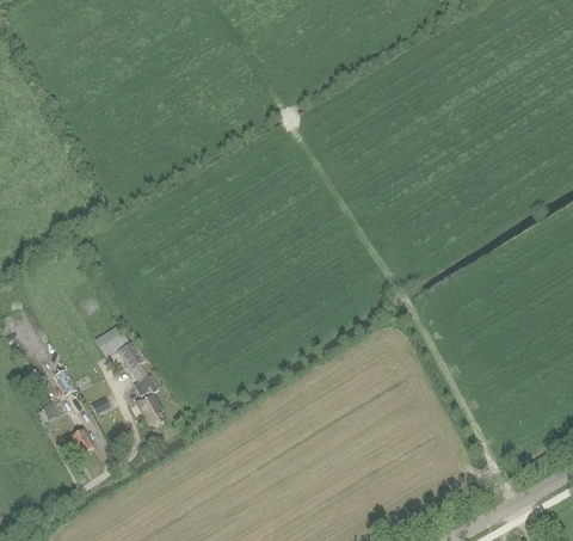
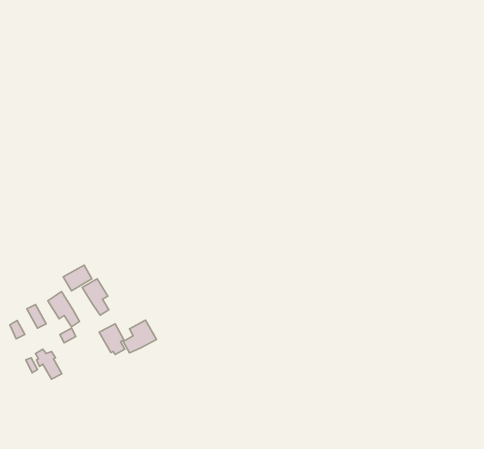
building: none -> [48,291,80,327]
building: none -> [123,320,156,353]

